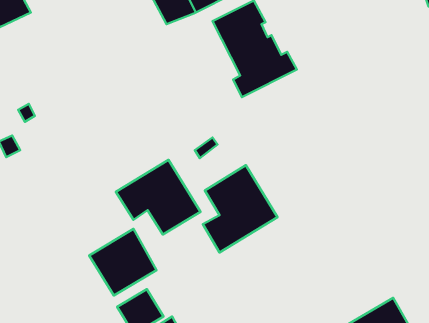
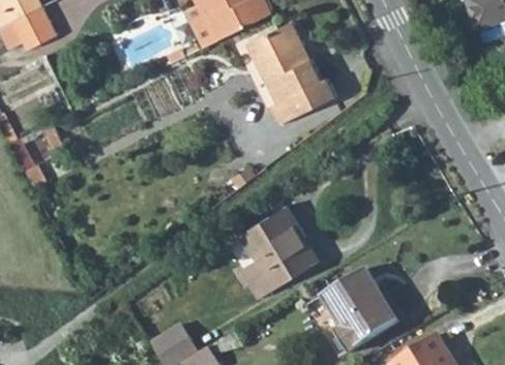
building: [116,160,201,235] -> none
building: [89,229,156,296] -> none
building: none -> [324,269,399,354]

